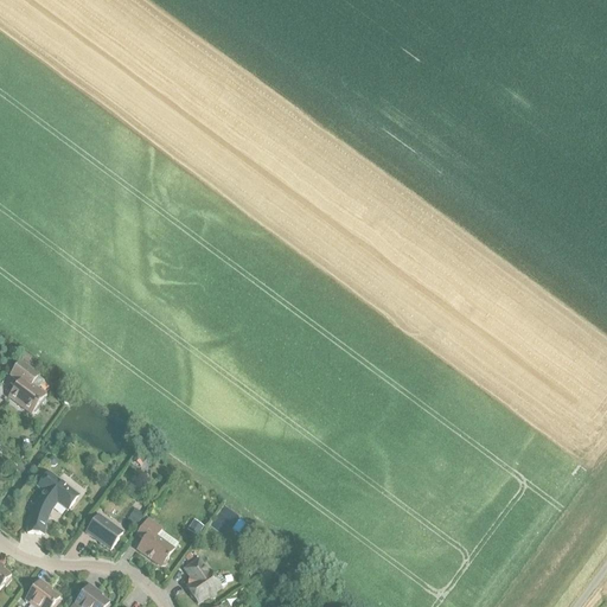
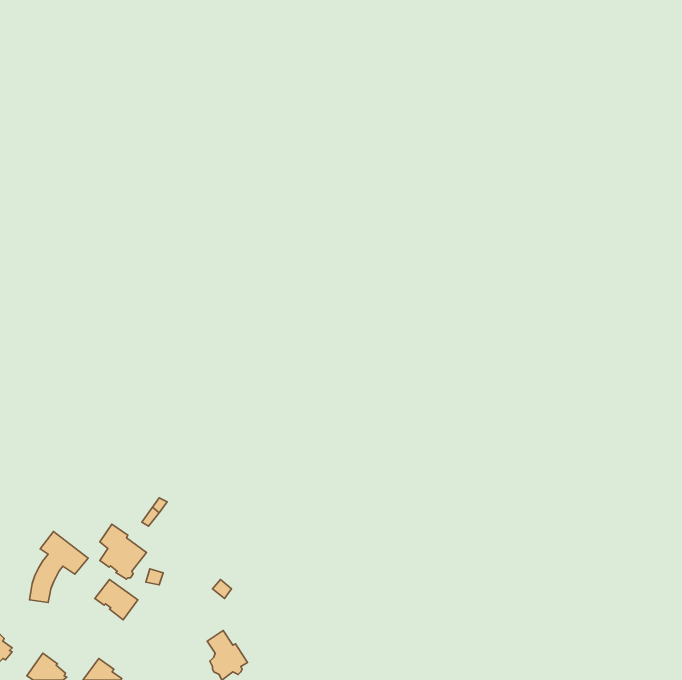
building: [7,359,45,413] -> none
building: [136,517,178,566] -> [100,524,147,579]

